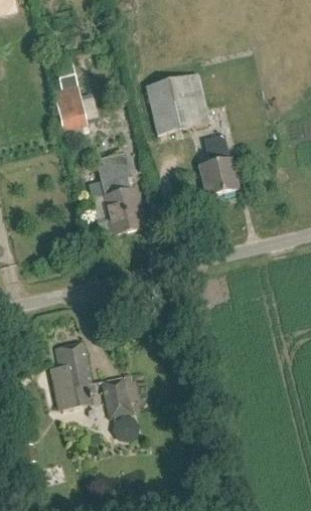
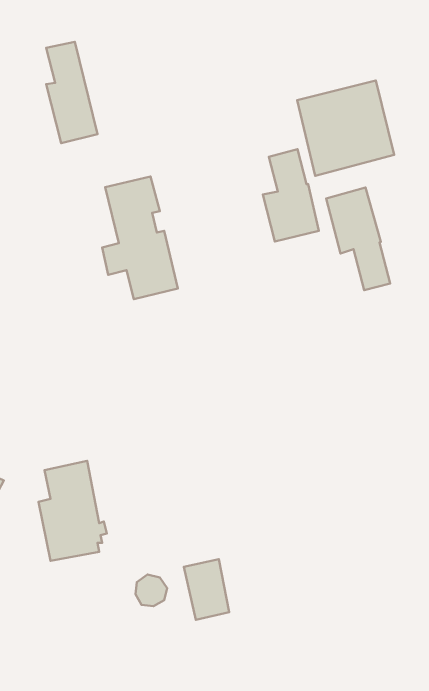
building: [145,71,209,135] -> [297,81,394,176]
building: none -> [326,187,390,290]
building: [103,375,133,415] -> [184,559,229,620]

